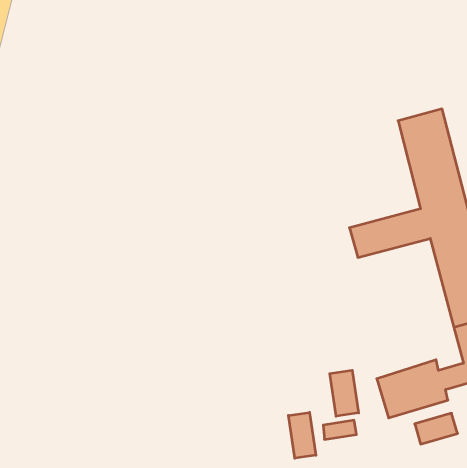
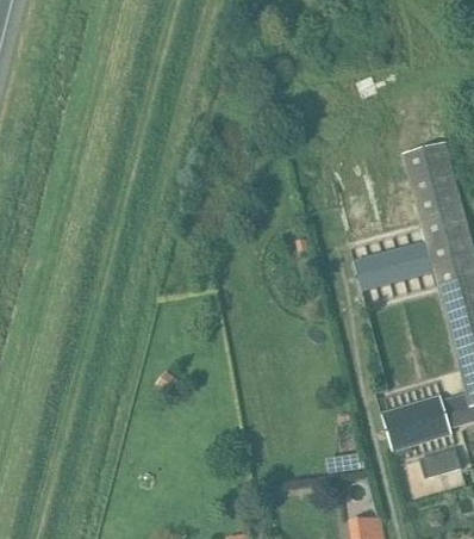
building: [330,370,359,416] -> none
building: [288,412,316,458] -> none

